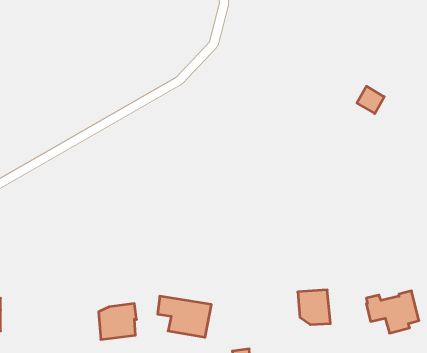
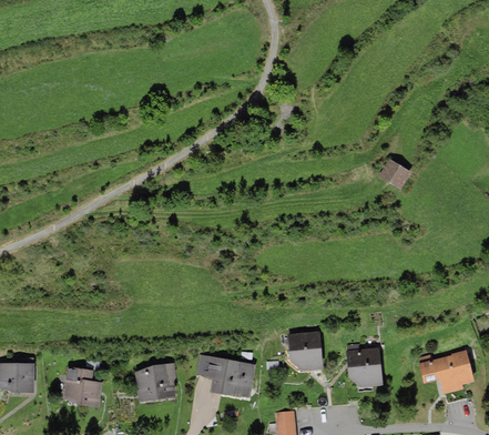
building: [357,86,384,114] -> [376,161,405,190]
building: none -> [288,332,322,368]
building: none -> [63,366,101,407]

